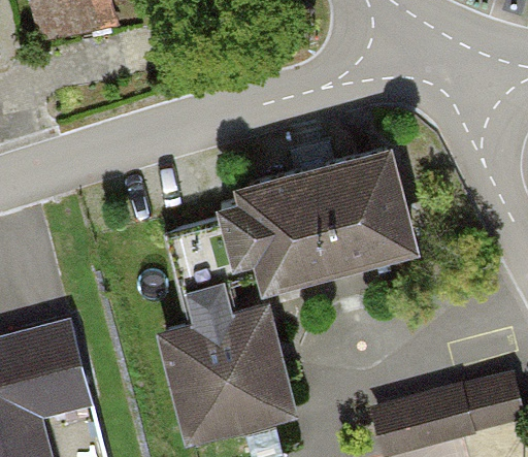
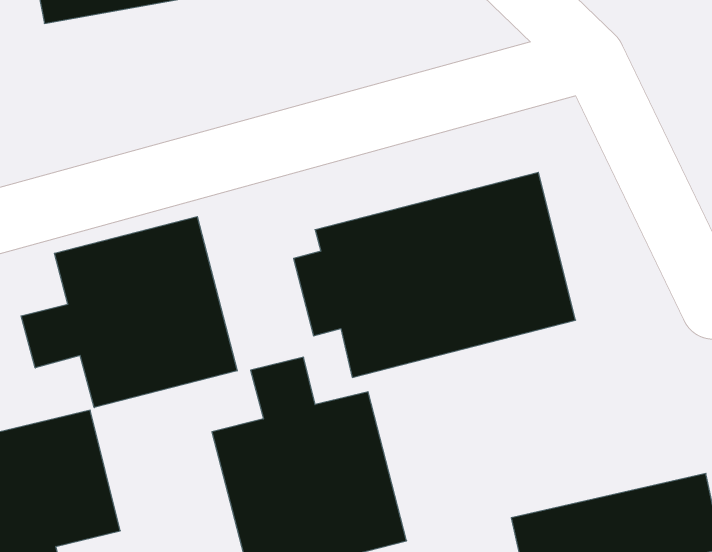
building: none -> [21,217,237,408]

